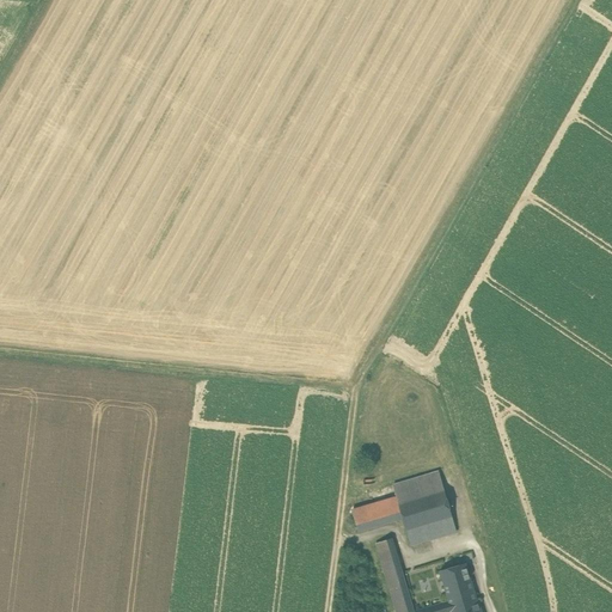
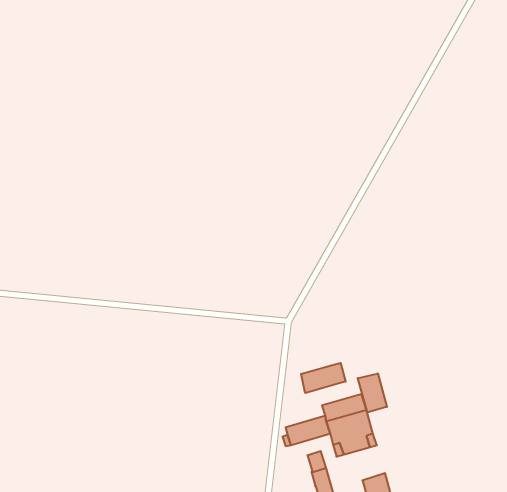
building: none -> [301,363,346,393]
building: none -> [358,373,387,412]

